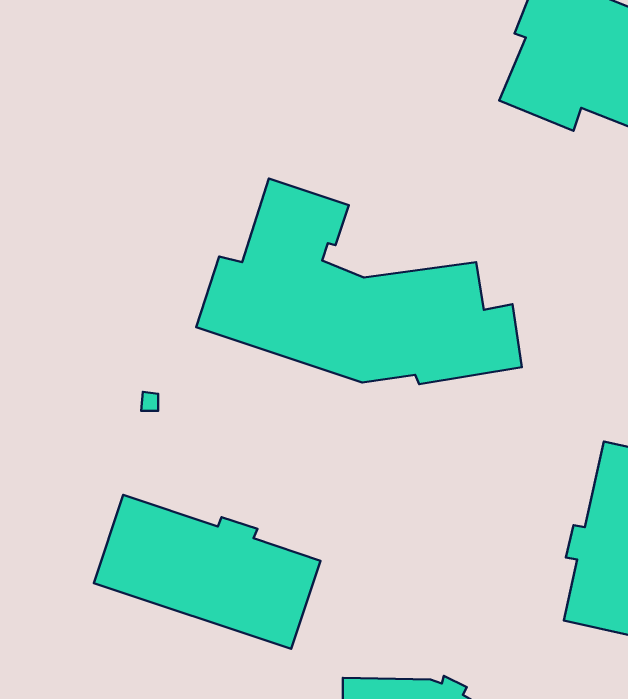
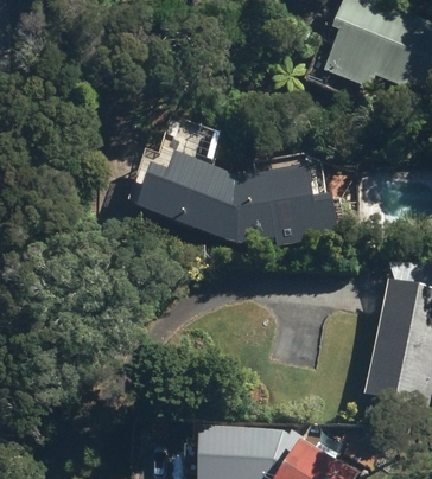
building: [94,495,321,649] -> none

